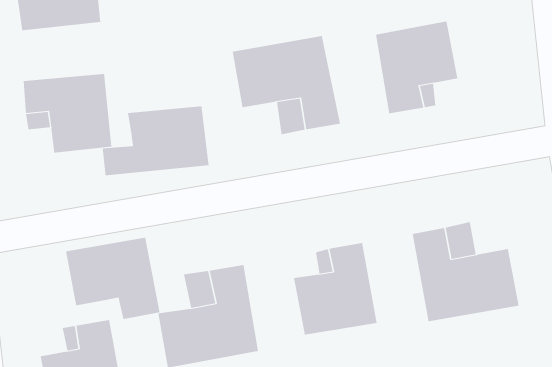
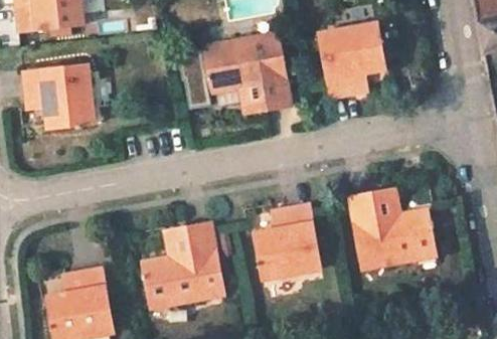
building: [102,105,209,176] -> none
building: [65,237,160,320] -> none

